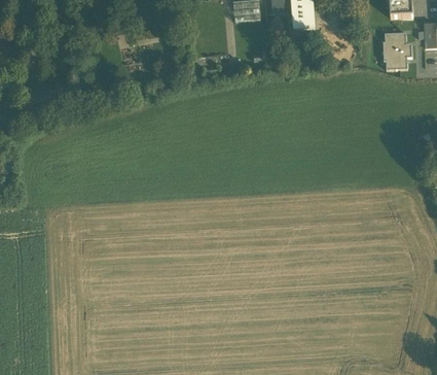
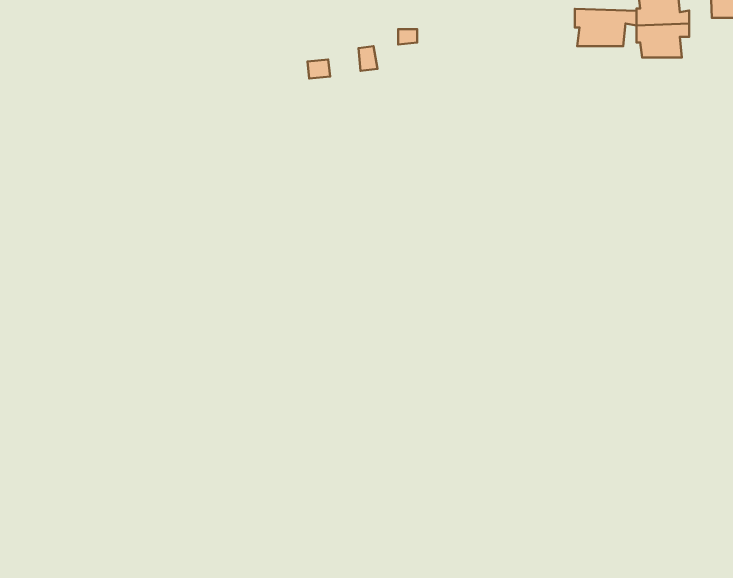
building: none -> [575,9,636,46]

